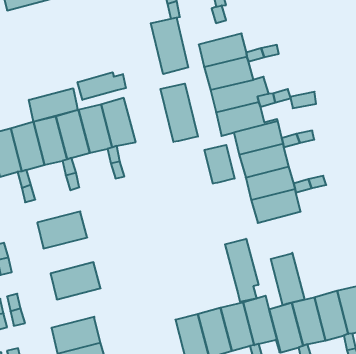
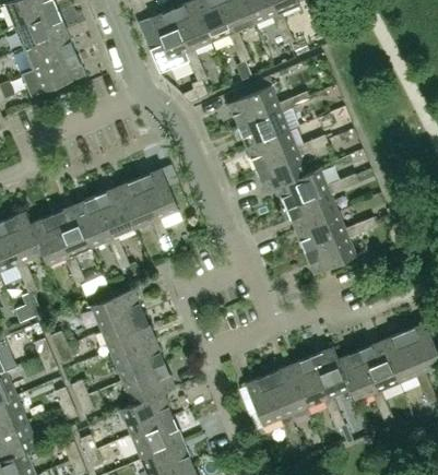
building: [151,18,188,74] -> none
building: [78,72,126,100] -> none
building: [160,84,198,142] -> none
building: [29,88,78,122] -> none
building: [204,145,235,184] -> none
building: none -> [102,313,154,355]
building: [225,239,258,302] -> none
building: [271,253,304,305] -> none
building: none -> [120,363,175,409]

